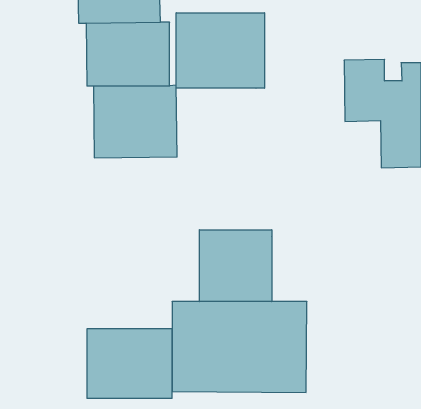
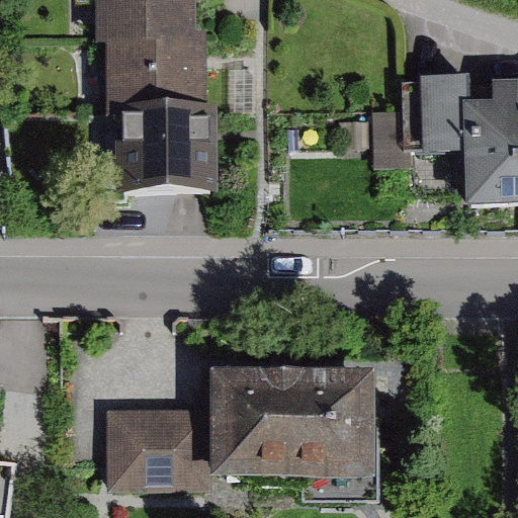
building: [176,13,264,88] -> none
building: [199,230,272,302] -> none

